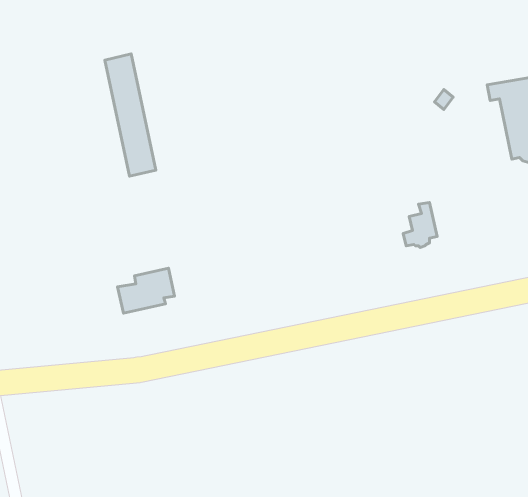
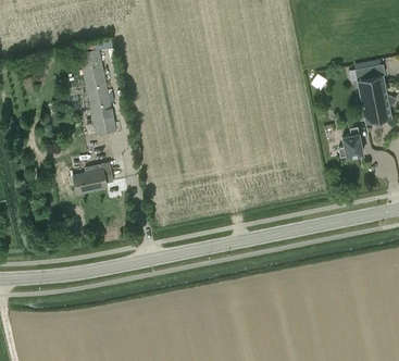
building: [403,203,437,247] -> [338,127,362,159]
building: [117,268,175,313] -> [73,163,113,195]

